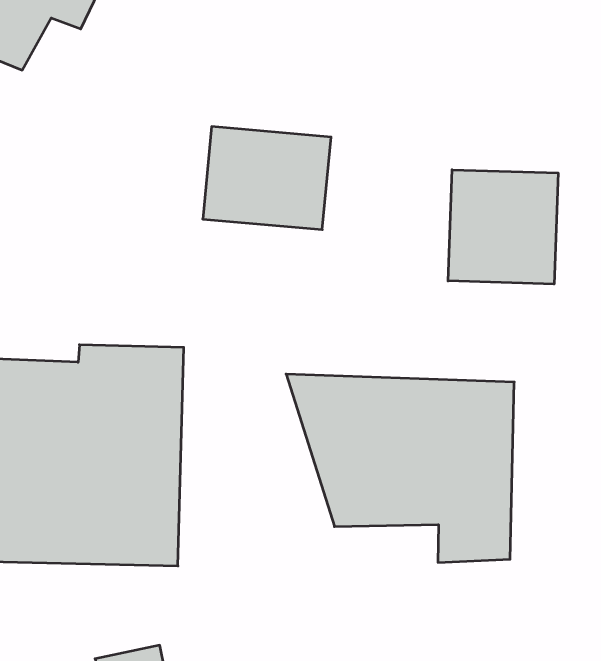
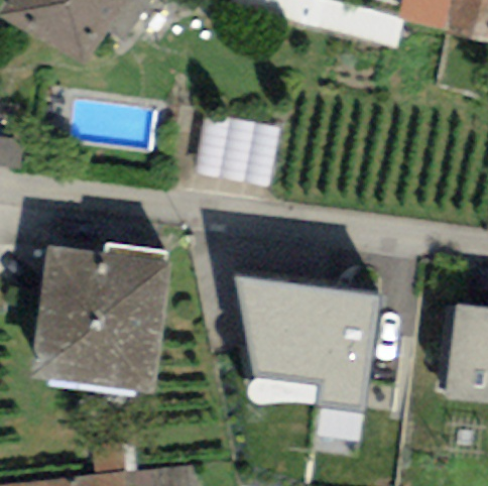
building: [448,170,558,284] -> none

